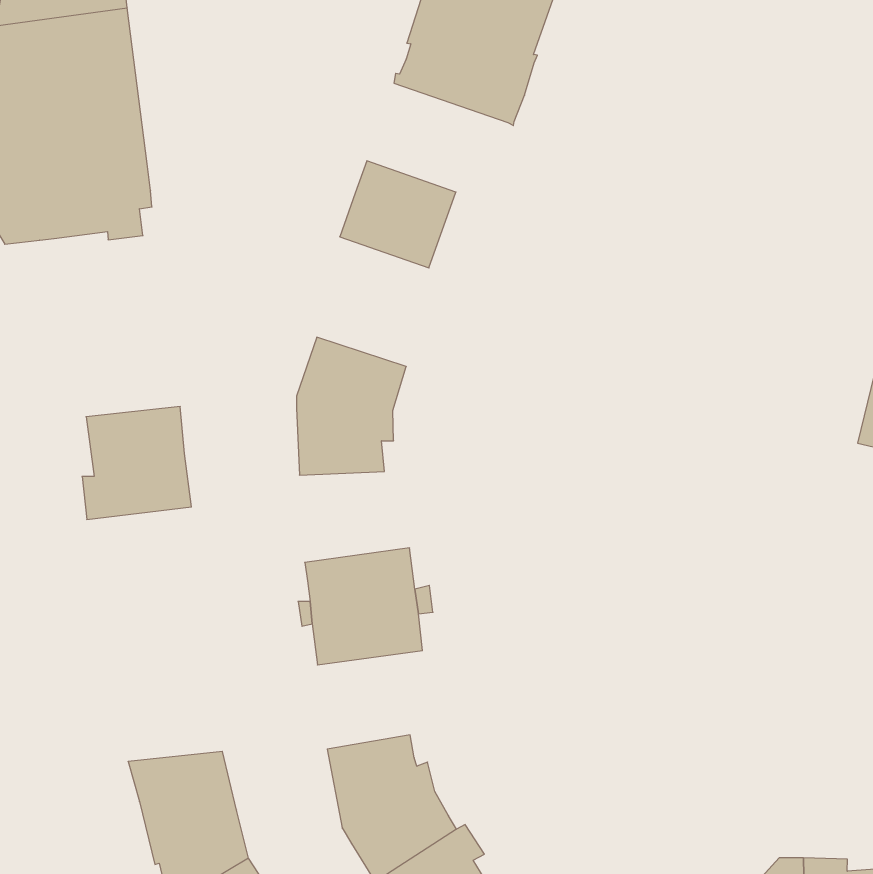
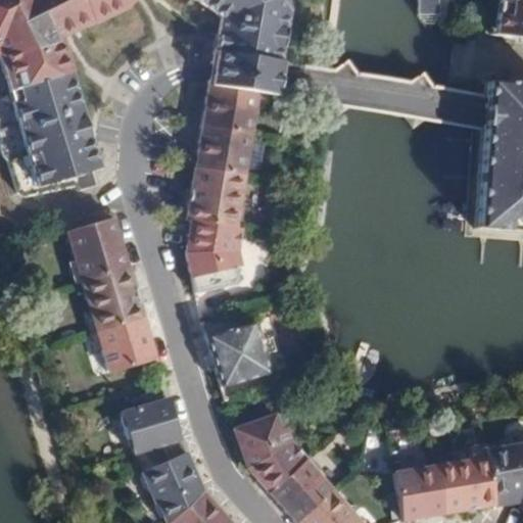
building: none -> [203,84,272,134]
building: none -> [188,167,245,227]
building: none -> [67,217,130,282]
building: none -> [92,317,156,371]
building: none -> [122,397,181,451]

